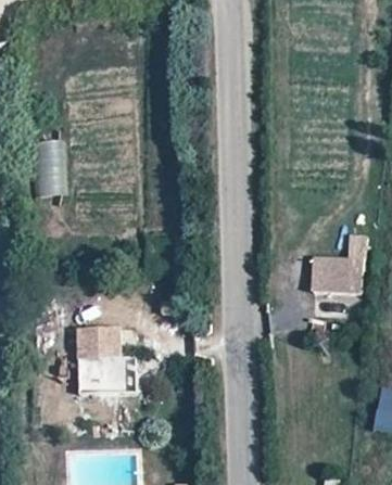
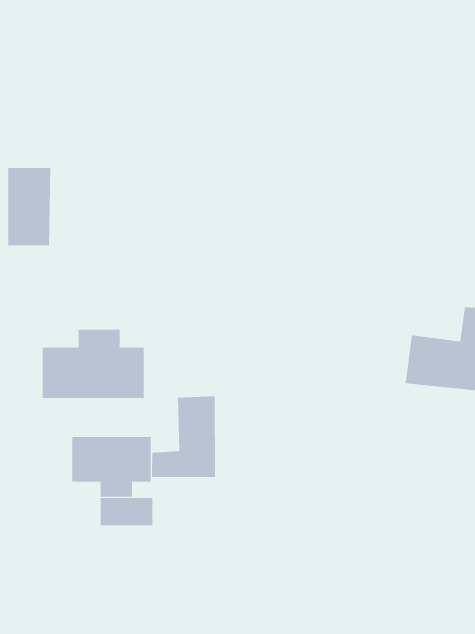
building: none -> [42,329,144,399]
building: none -> [151,395,216,478]

